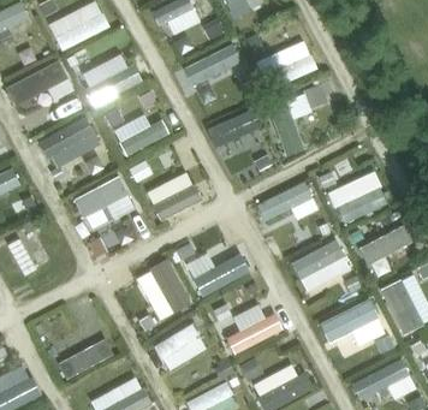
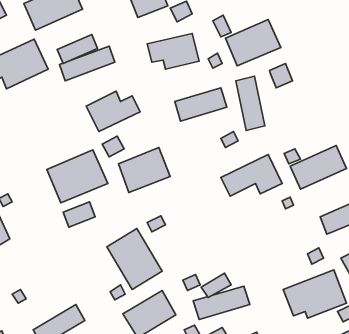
building: [40,117,101,167] -> none
building: [290,238,351,292] -> none
building: [184,254,249,298] -> none

